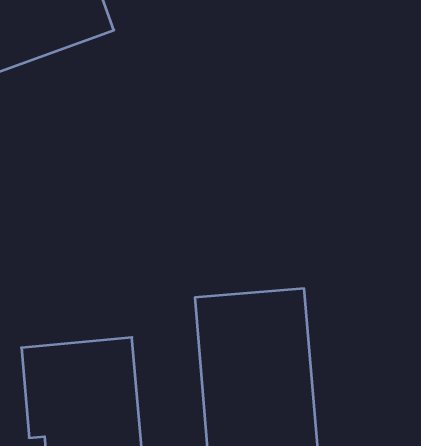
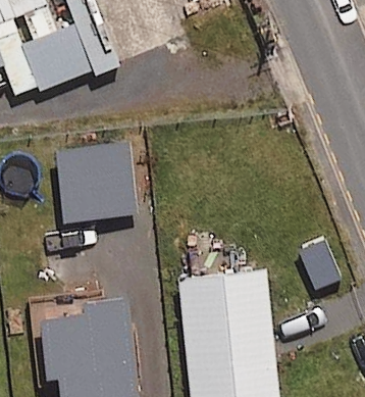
building: none -> [56,143,135,219]

